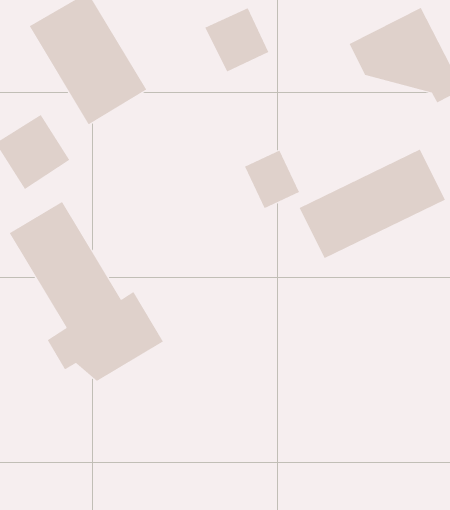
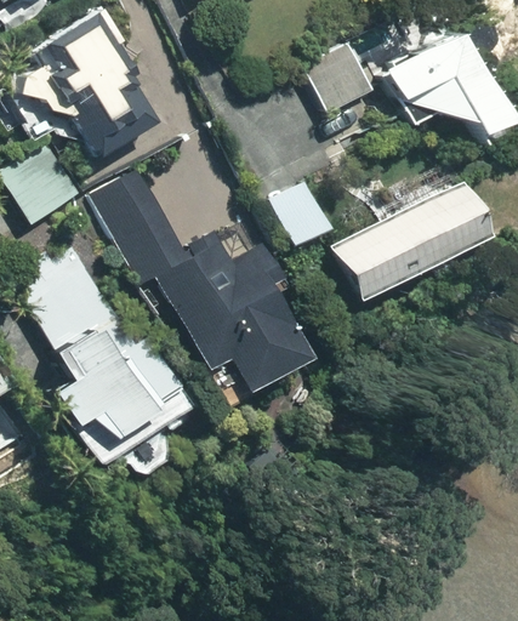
building: [205,7,269,72] -> [304,44,375,114]
building: none -> [89,169,311,391]

